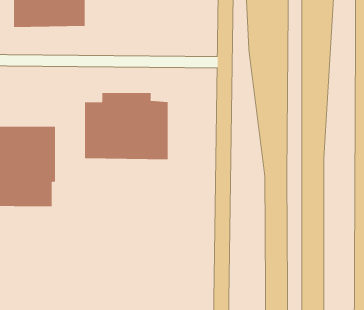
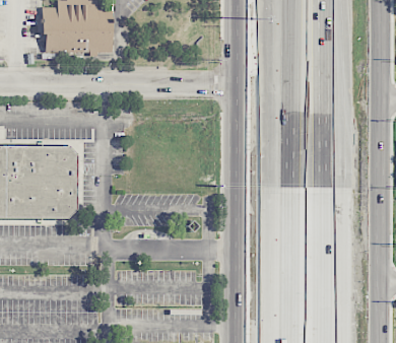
building: [85,92,168,160] -> none

